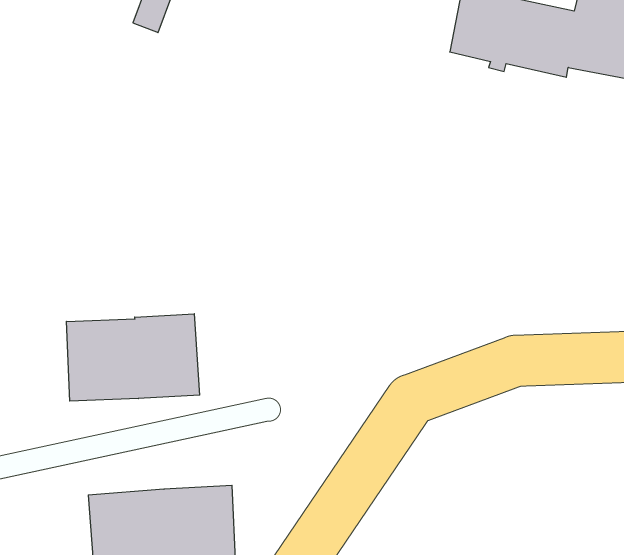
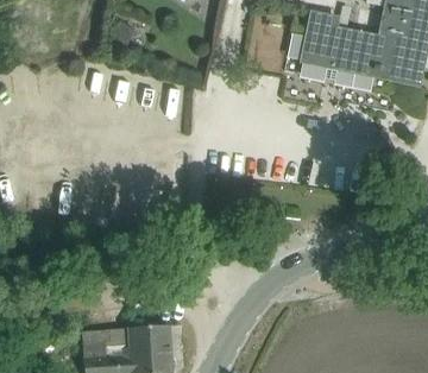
building: [66,314,200,401] -> none

